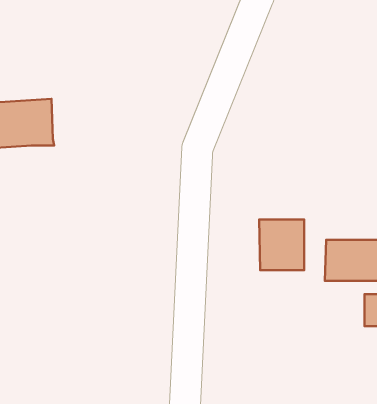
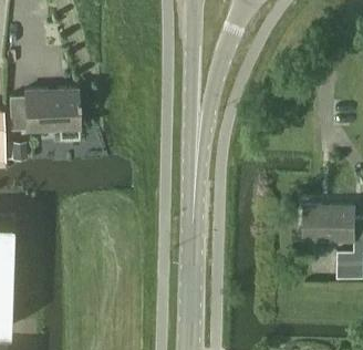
building: [259,219,304,270] -> none

